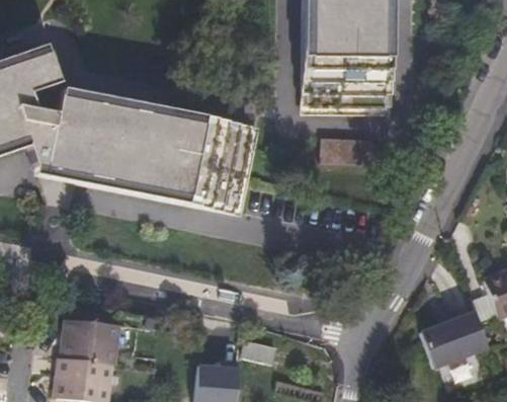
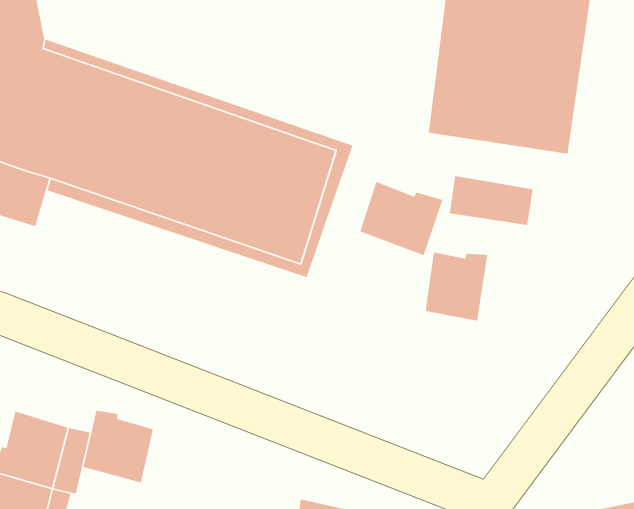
building: none -> [359,181,443,256]
building: none -> [425,251,488,322]
building: none -> [83,410,154,483]

